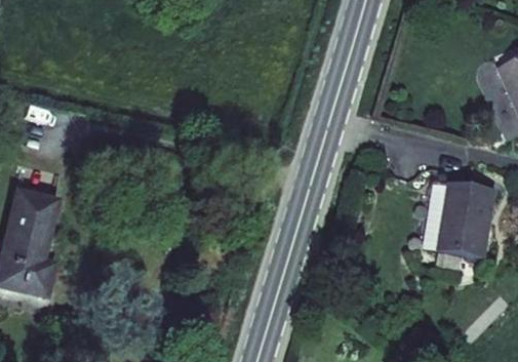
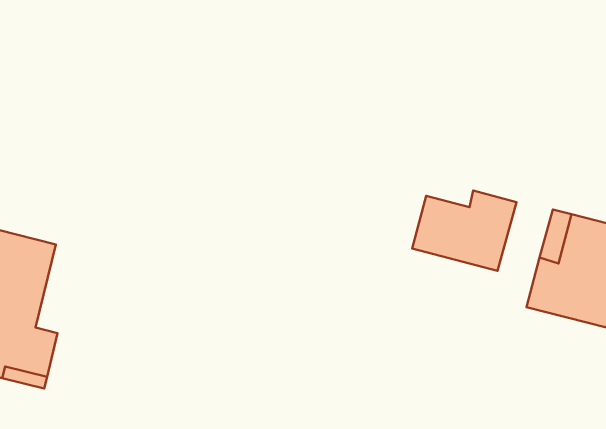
building: none -> [412,191,517,271]

